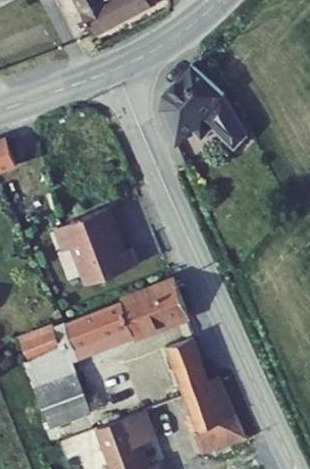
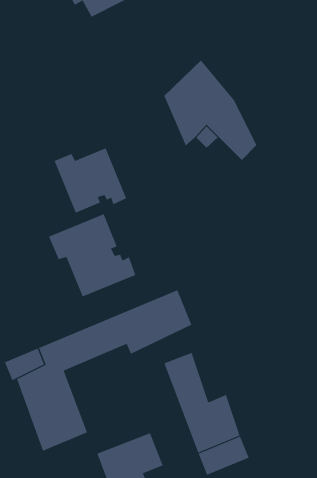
building: none -> [54,148,127,213]

